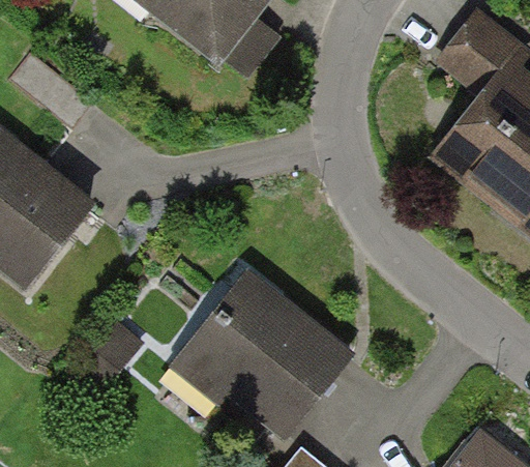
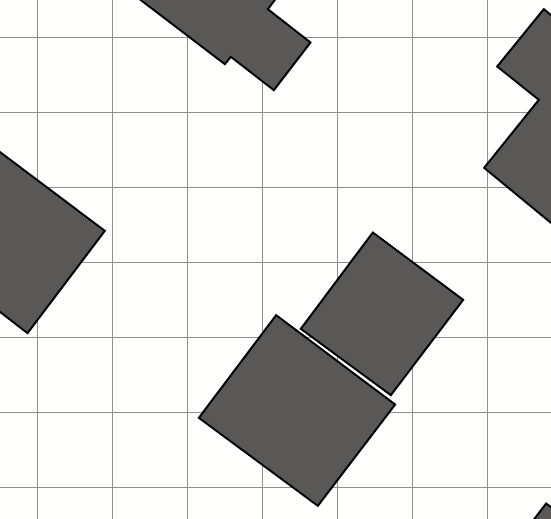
building: none -> [301,233,463,395]

